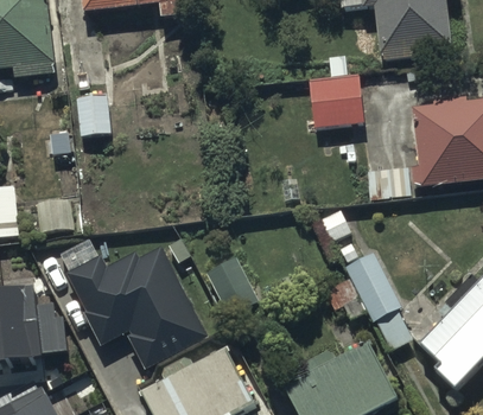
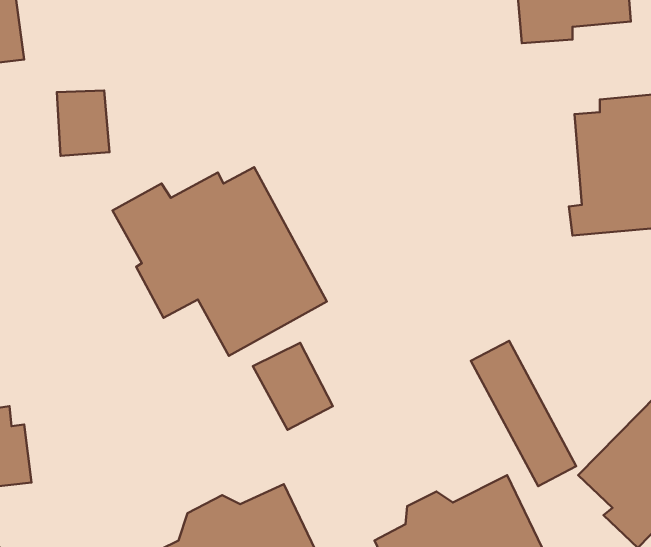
building: [310,78,367,129] -> none
building: [65,245,205,369] -> [113,167,327,356]

